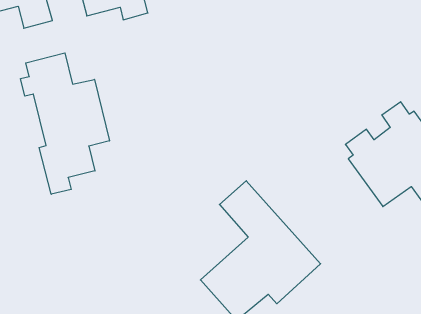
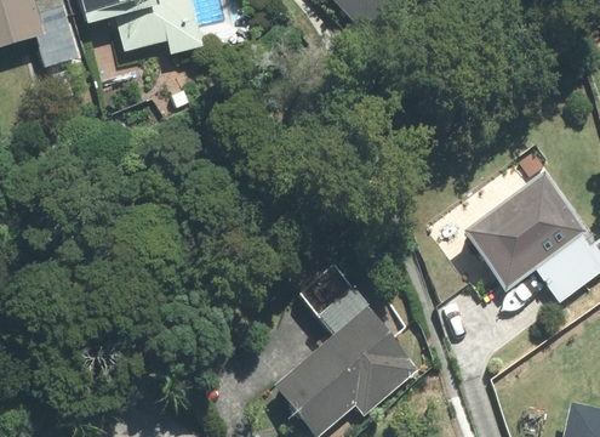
building: [21,53,109,194] -> none

